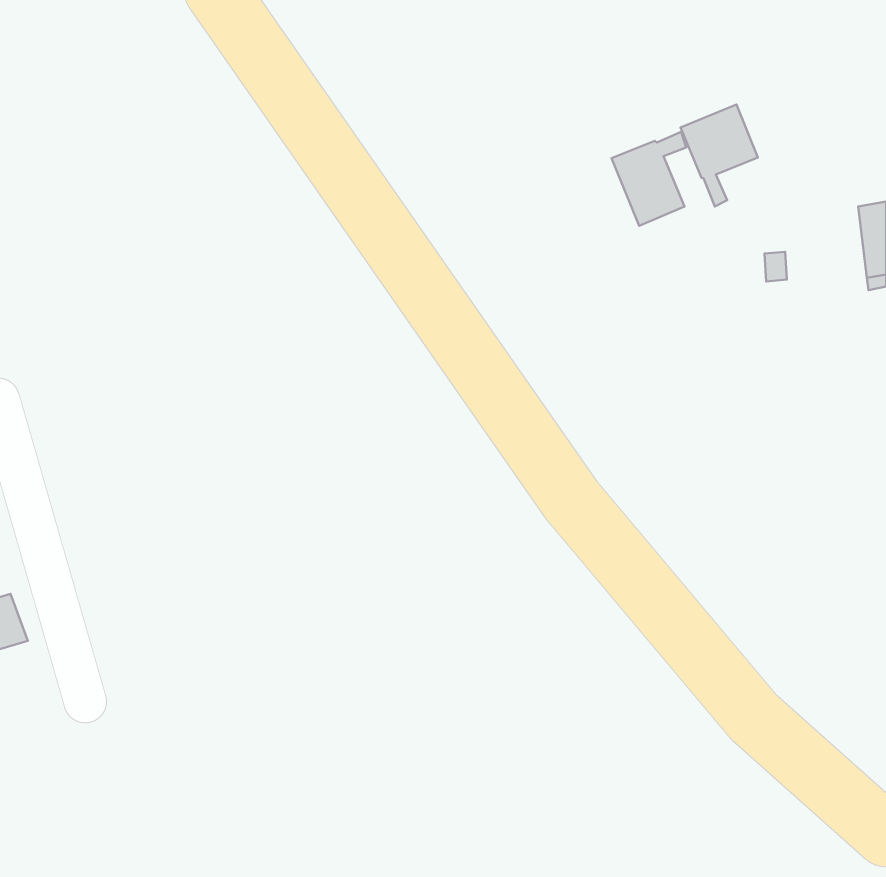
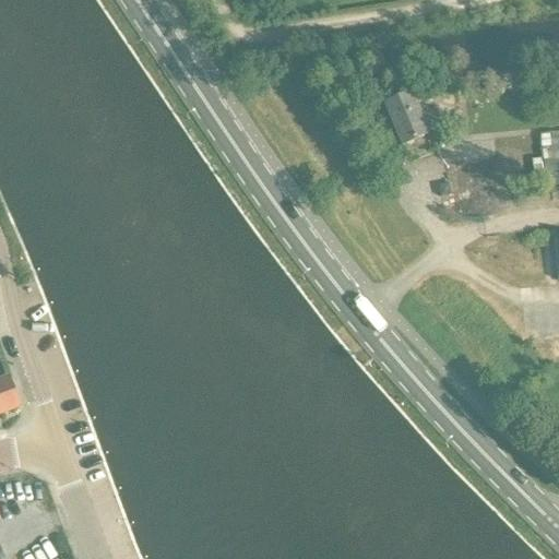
building: [680,105,758,207] -> none

